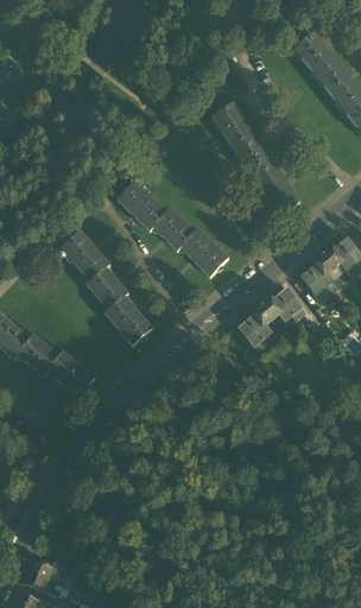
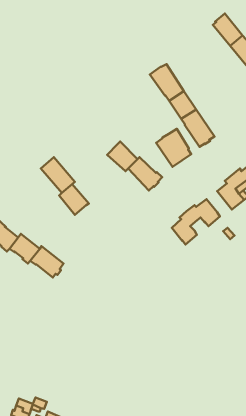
building: [118,182,166,230] -> none
building: none -> [156,129,191,167]
building: [104,296,151,344] -> none

